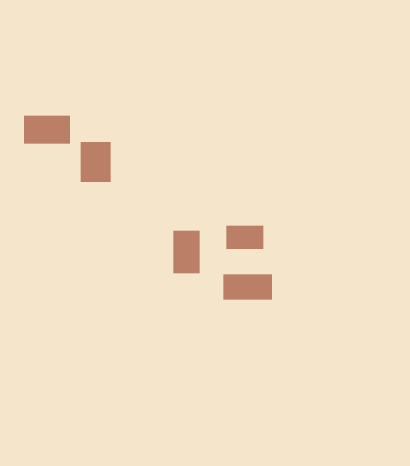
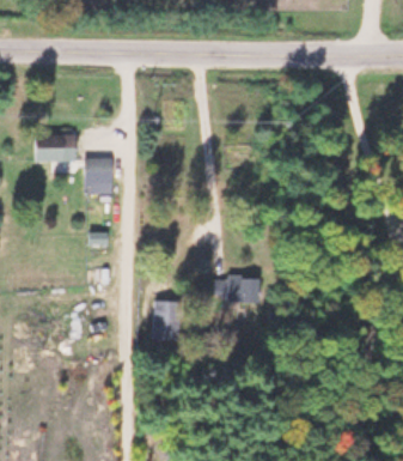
building: [226,225,264,250] -> none
building: [173,230,200,274] -> [155,302,181,341]

